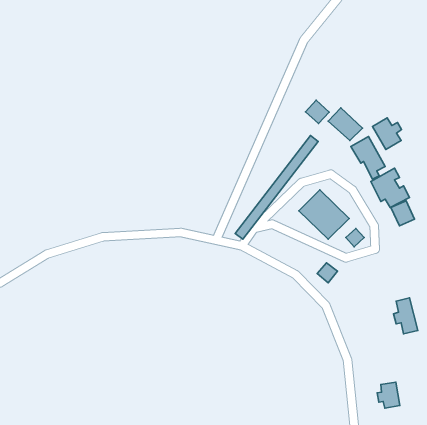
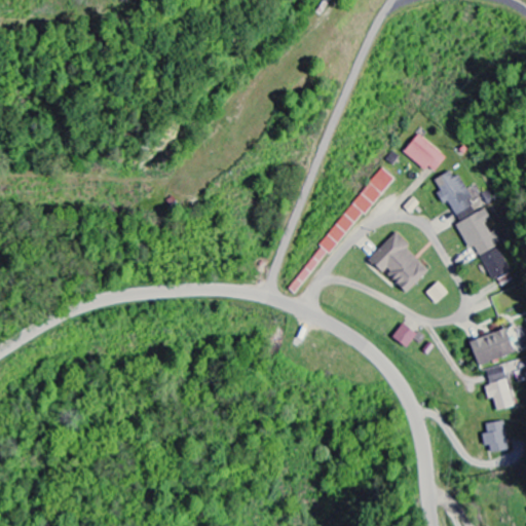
building: [306,100,329,124] -> none
building: [372,118,402,150] -> none
building: none -> [466,329,513,366]
building: [377,382,400,408] -> [481,418,509,450]

